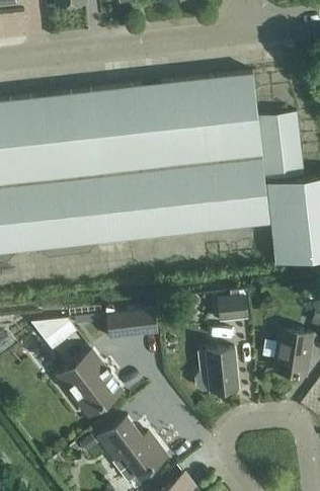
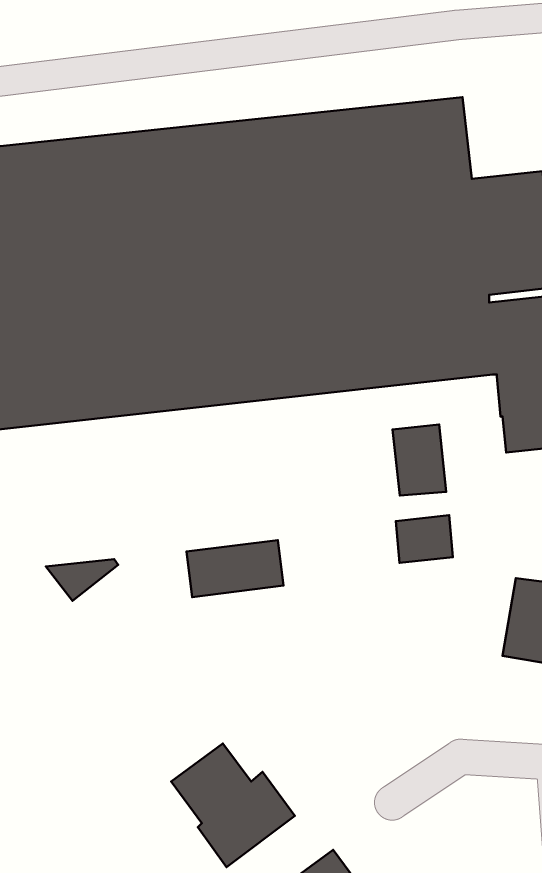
building: none -> [392,424,446,495]
building: [194,349,238,393] -> none
building: [57,352,121,411] -> none

